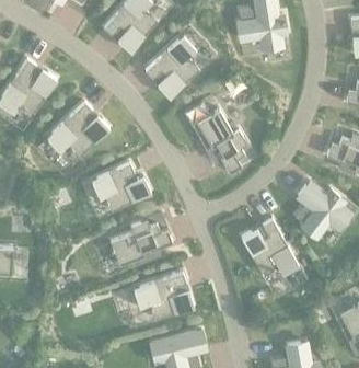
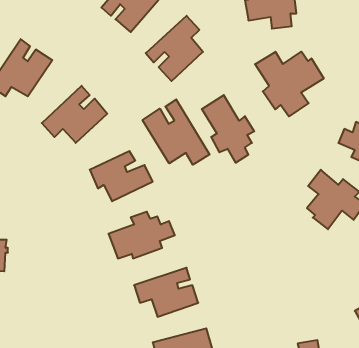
building: none -> [255,52,324,116]
building: none -> [143,99,210,165]
building: [240,221,296,275] -> none

